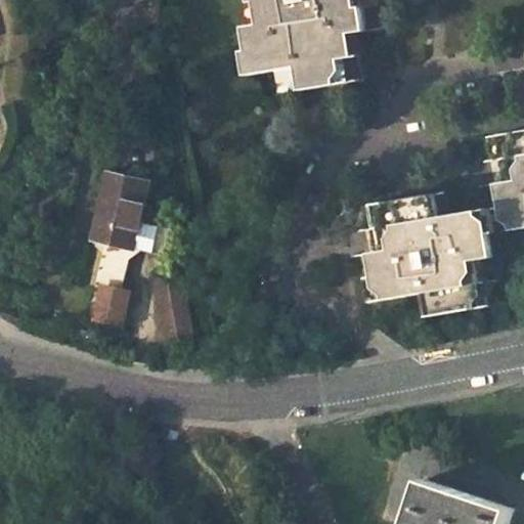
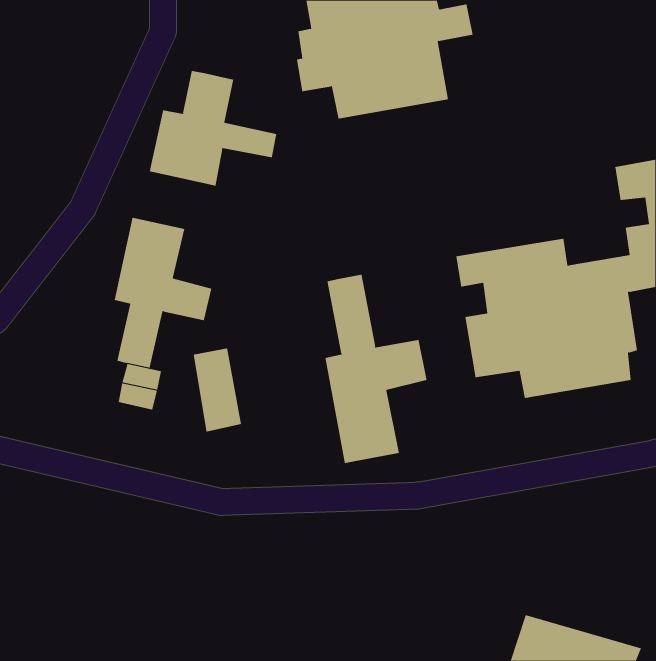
building: none -> [149,70,277,186]
building: none -> [325,274,427,464]

